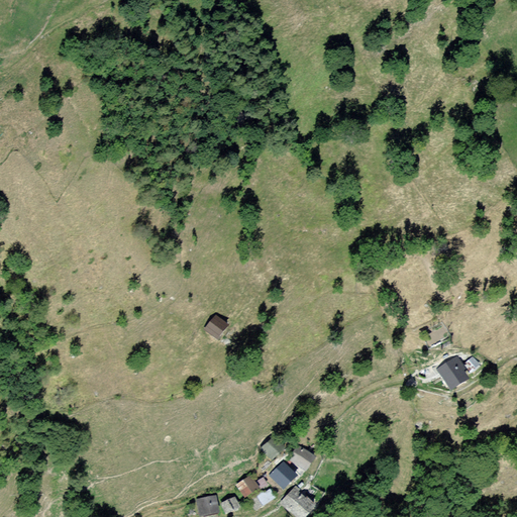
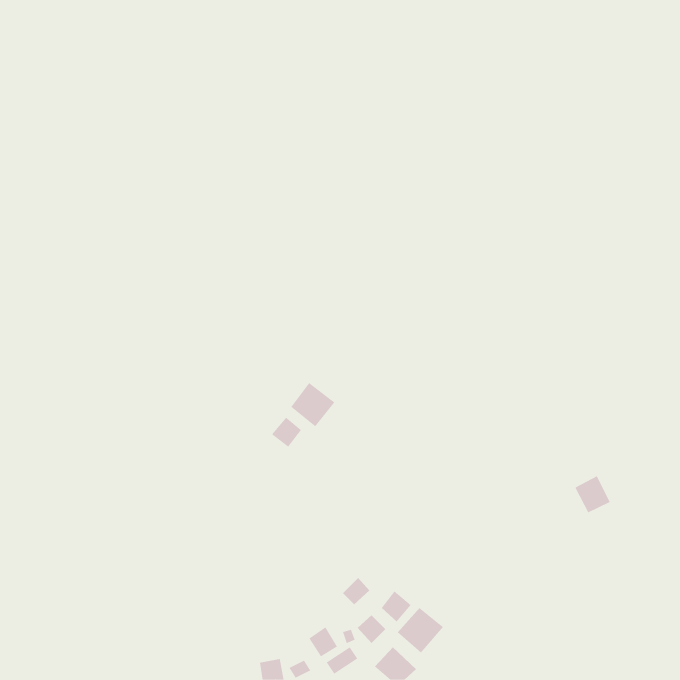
building: none -> [291,382,335,427]
building: none -> [397,607,444,654]

